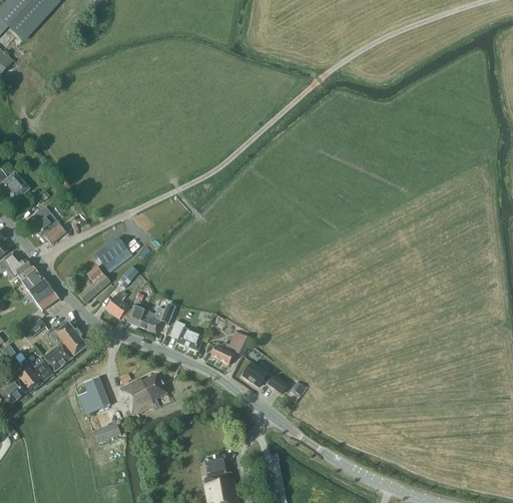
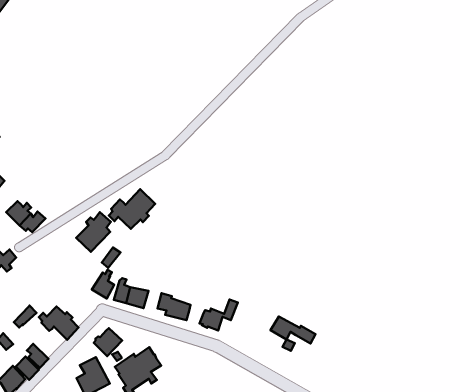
building: none -> [109,189,155,229]
building: [21,266,58,310] -> none
building: [78,266,109,302] -> none
building: [43,343,72,371] -> [94,328,122,356]
building: [242,362,288,393] -> [271,316,315,343]

